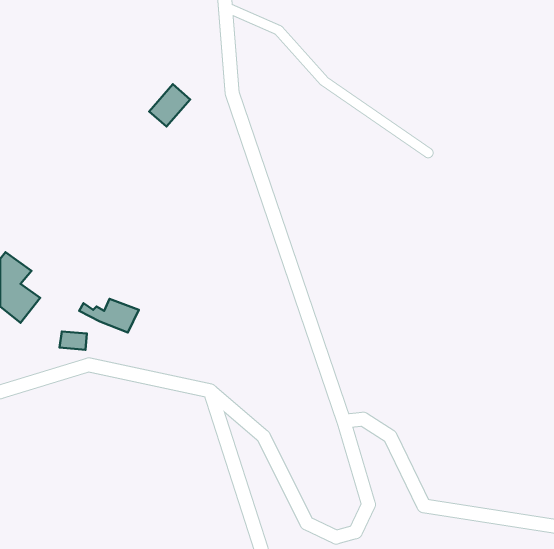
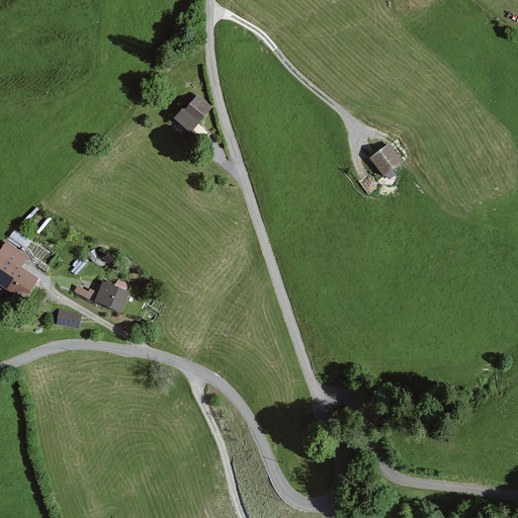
building: [149,84,190,127] -> [173,92,211,132]
building: none -> [368,143,403,177]

